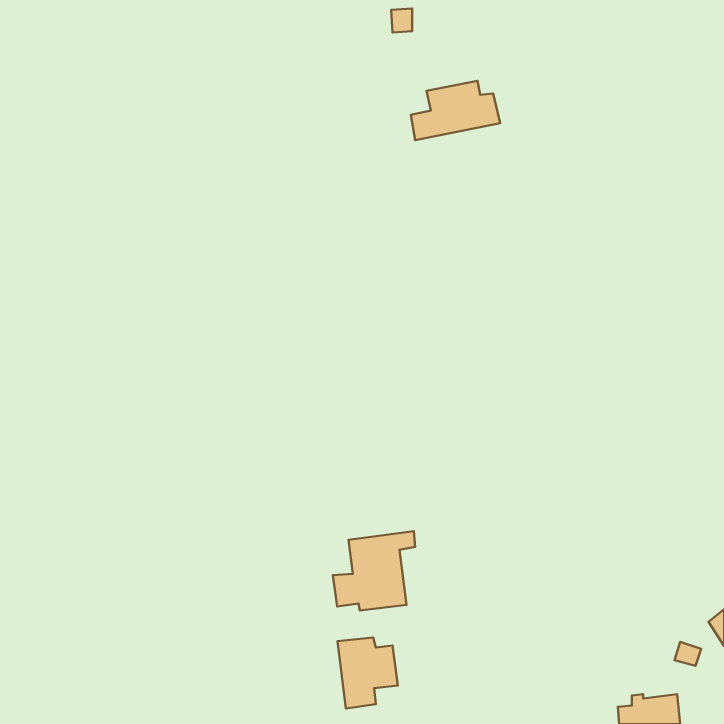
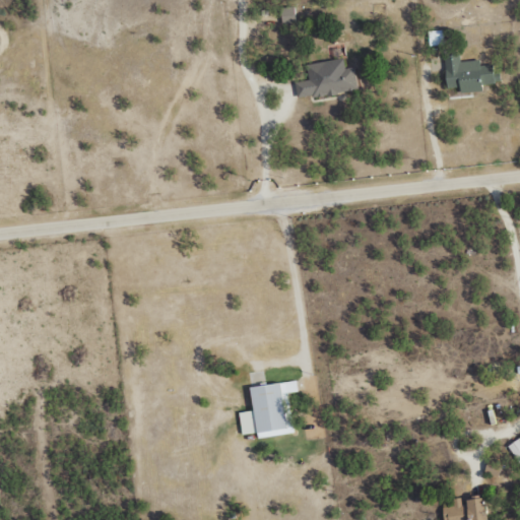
building: none -> [445,55,501,92]
building: [338,638,398,708] -> none

